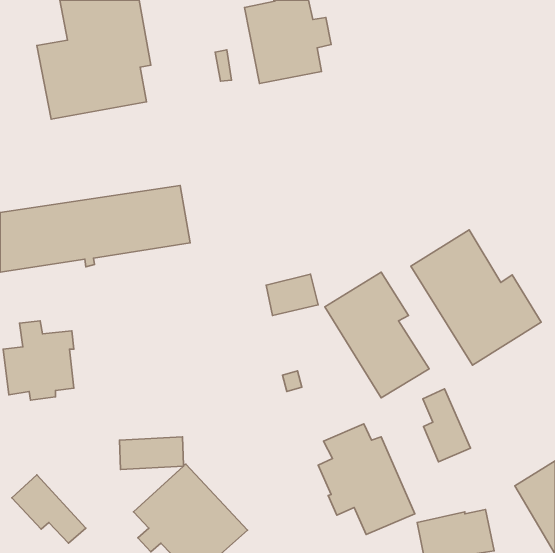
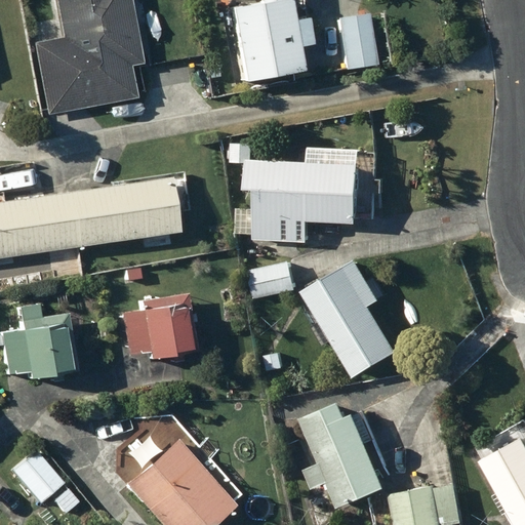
building: none -> [339,14,377,70]
building: none -> [234,143,382,241]
building: [411,230,541,365] -> none
building: none -> [118,293,193,359]
building: [423,389,470,462] -> none

